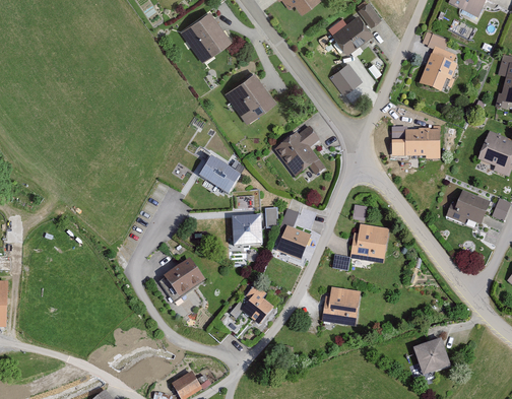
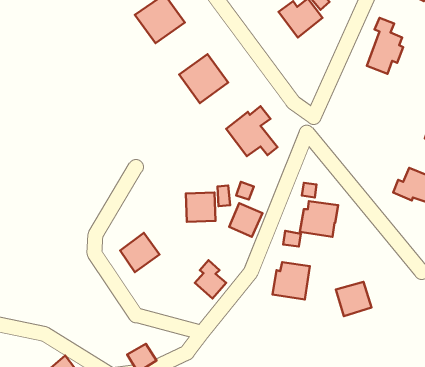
building: [330,60,363,91] -> none
building: [391,125,440,159] -> none
building: [198,157,240,195] -> none
building: [413,339,450,375] -> [336,282,371,316]

